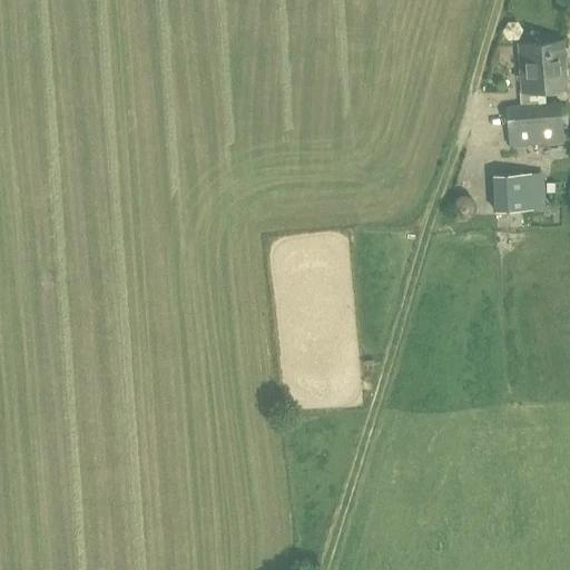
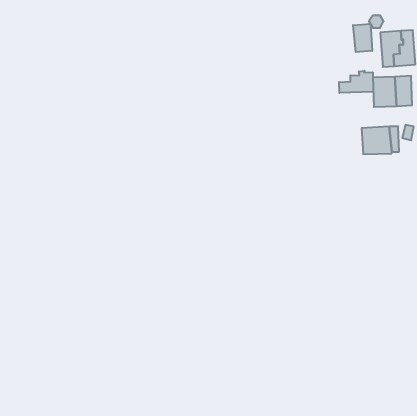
building: none -> [353,24,372,52]
building: none -> [339,71,373,93]

